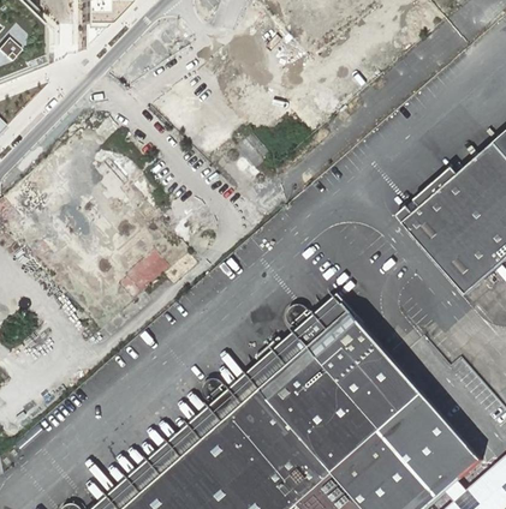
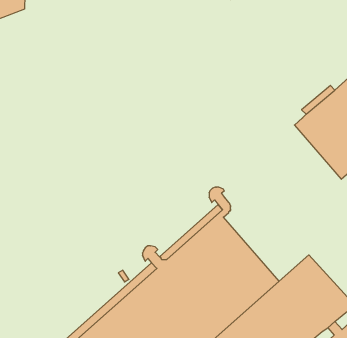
building: [308,295,422,429] -> none

